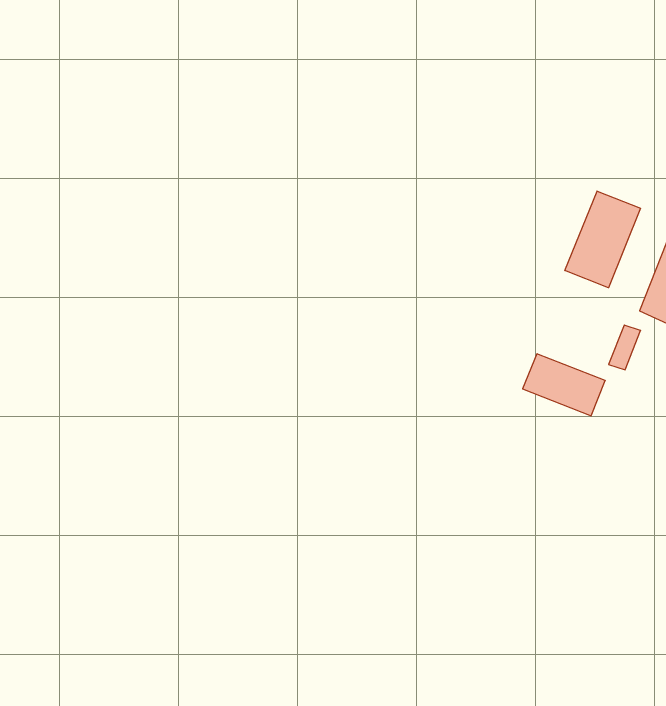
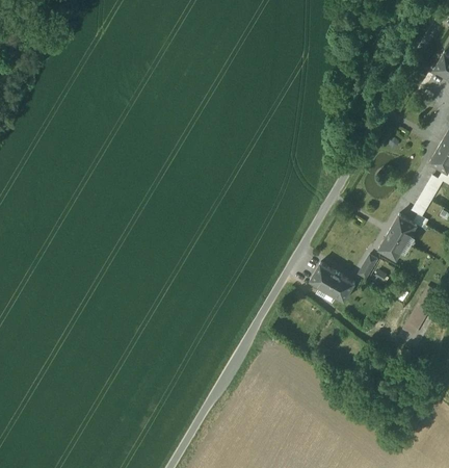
building: [565,191,641,288] -> none

